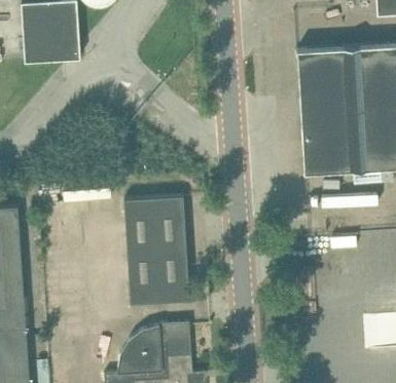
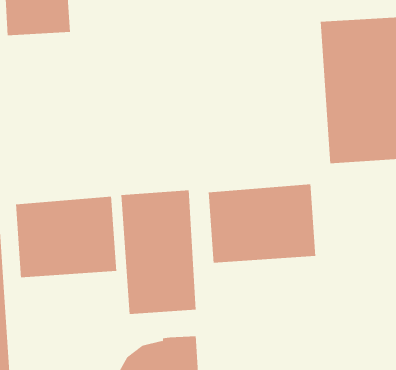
building: none -> [208,183,316,263]
building: none -> [15,196,117,278]

